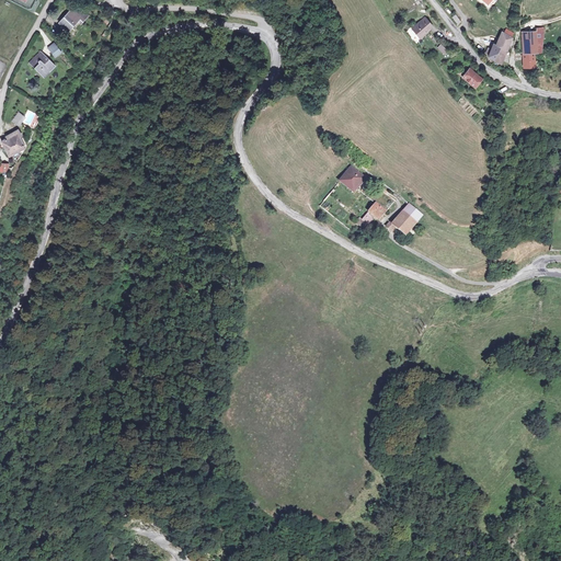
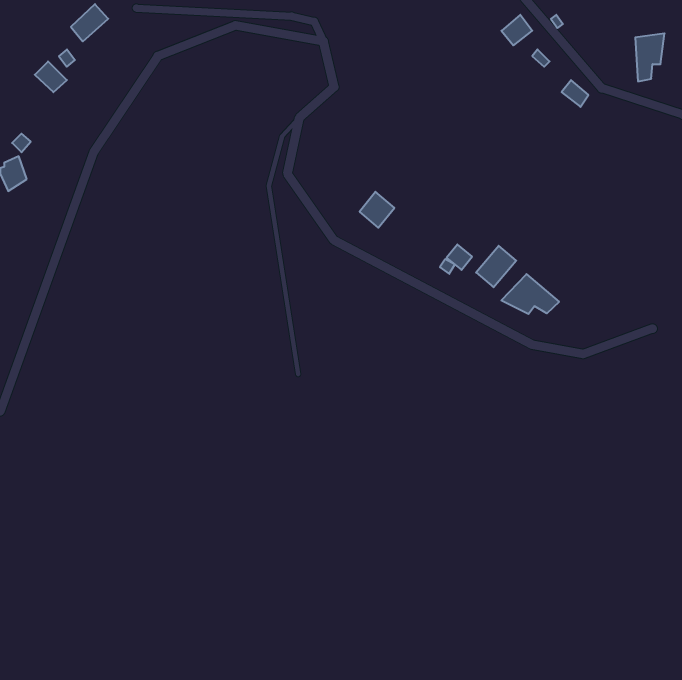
building: [486,31,513,65] -> none
building: [339,163,367,193] -> [360,192,394,228]
building: none -> [501,274,559,314]

